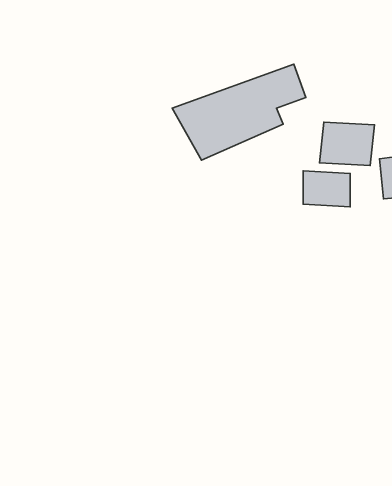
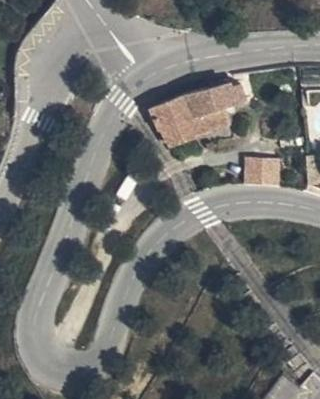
building: [319,122,374,166] -> none

